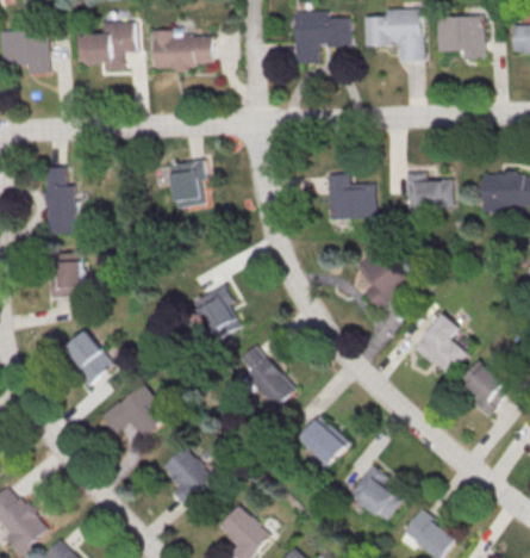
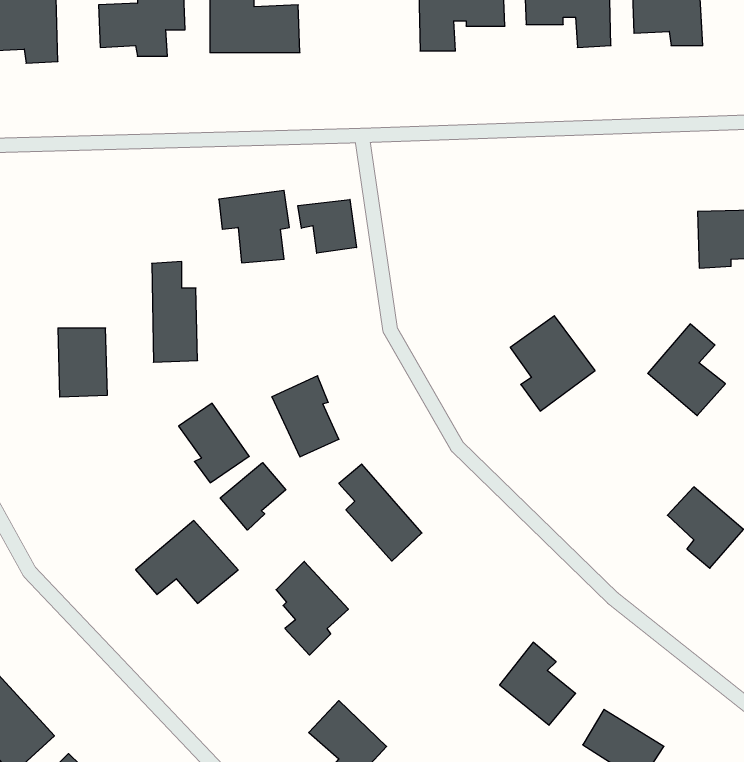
building: none -> [298,199,356,253]
building: [44,167,75,235] -> [152,262,198,362]
building: [405,172,453,210] -> none
building: [326,174,374,219] -> none
building: [412,314,464,376] -> [648,324,725,416]
building: [66,330,113,384] -> [179,403,249,483]
building: none -> [220,463,286,530]
building: [299,416,349,472] -> none
building: [164,447,213,510] -> [276,561,348,655]

